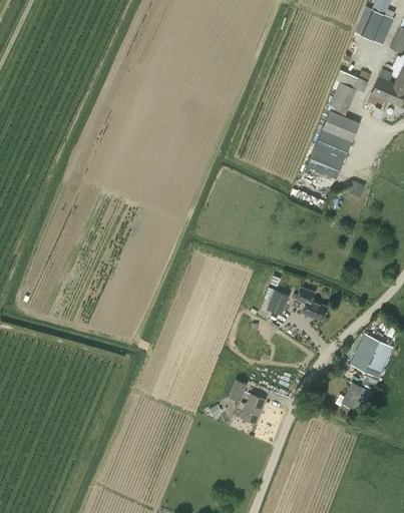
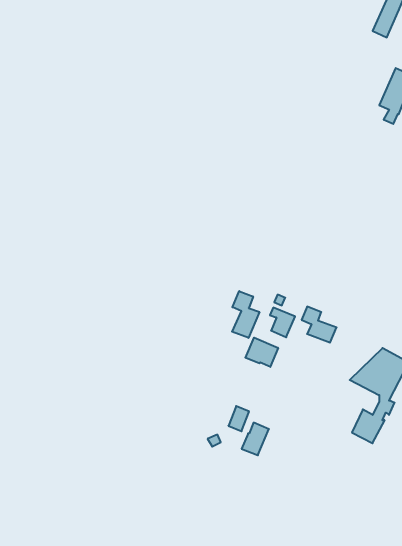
building: [307,70,370,178] -> none
building: none -> [232,291,259,338]
building: none -> [245,338,278,367]

